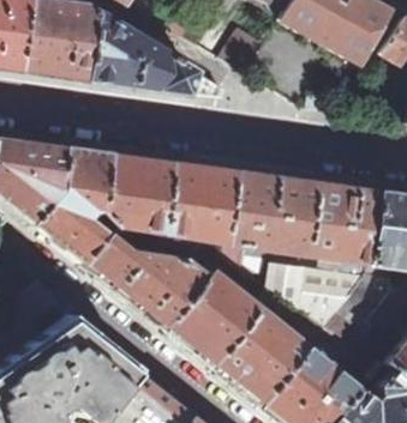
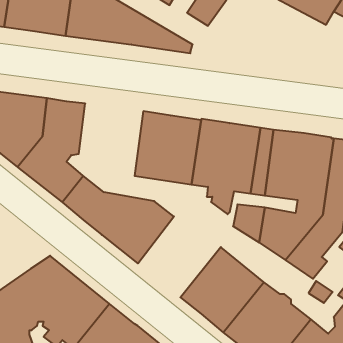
building: [102,153,173,232] -> none
building: [167,272,258,365] -> none

